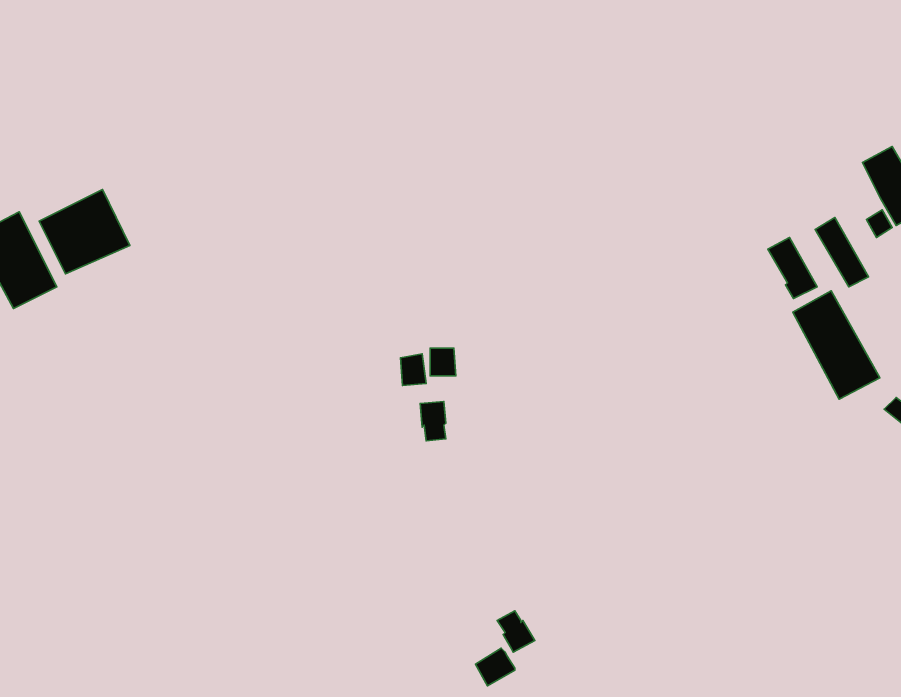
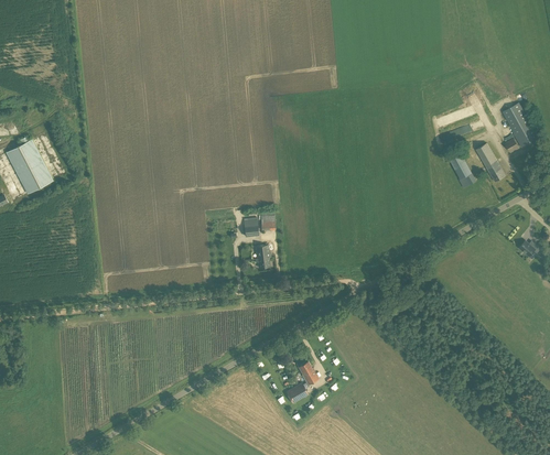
building: [39,190,130,274] -> none
building: [793,291,880,399] -> none

